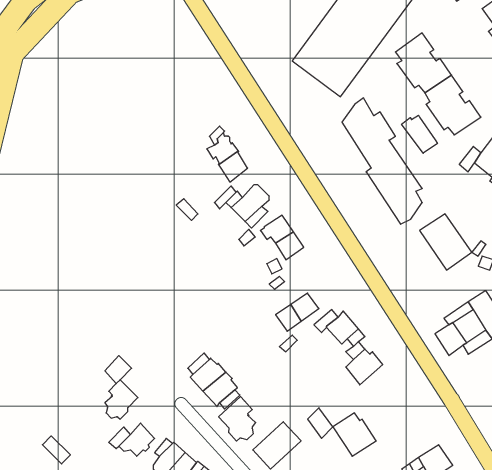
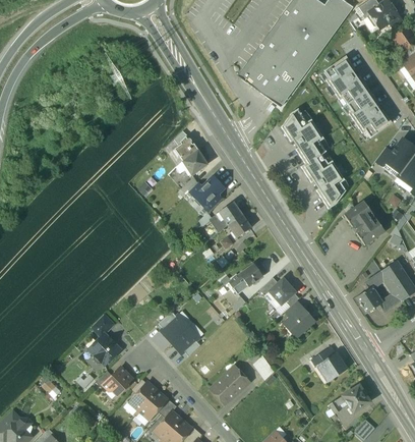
building: [402,115,437,153] -> none
building: [219,397,256,441] -> none
building: [333,413,376,456] -> [311,347,346,382]

